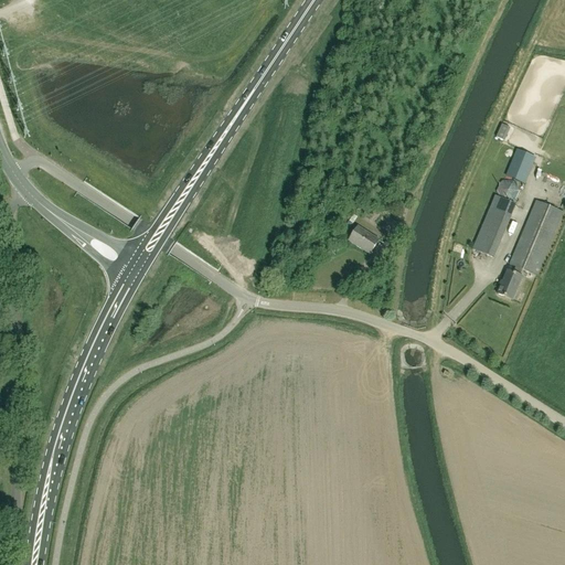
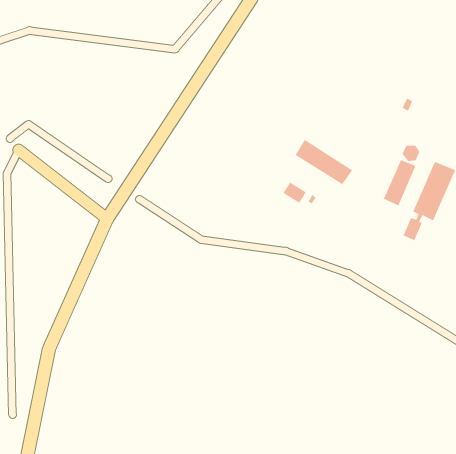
building: [508,150,536,181] -> none
building: none -> [294,139,353,185]

